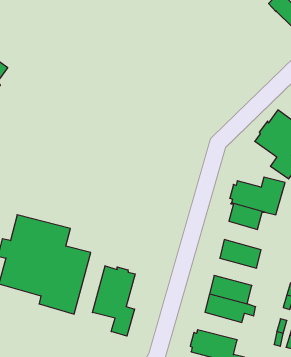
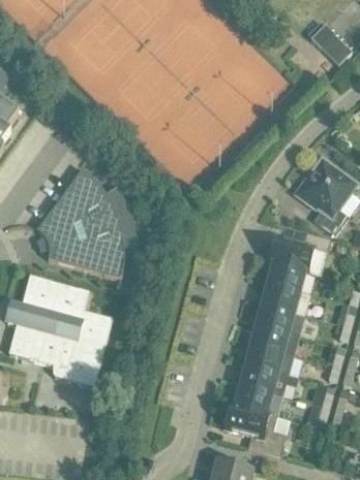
building: none -> [36,168,137,278]
building: none -> [262,282,308,314]
building: none -> [250,323,298,354]
building: [92,266,135,336] -> none
building: none -> [232,384,281,415]

